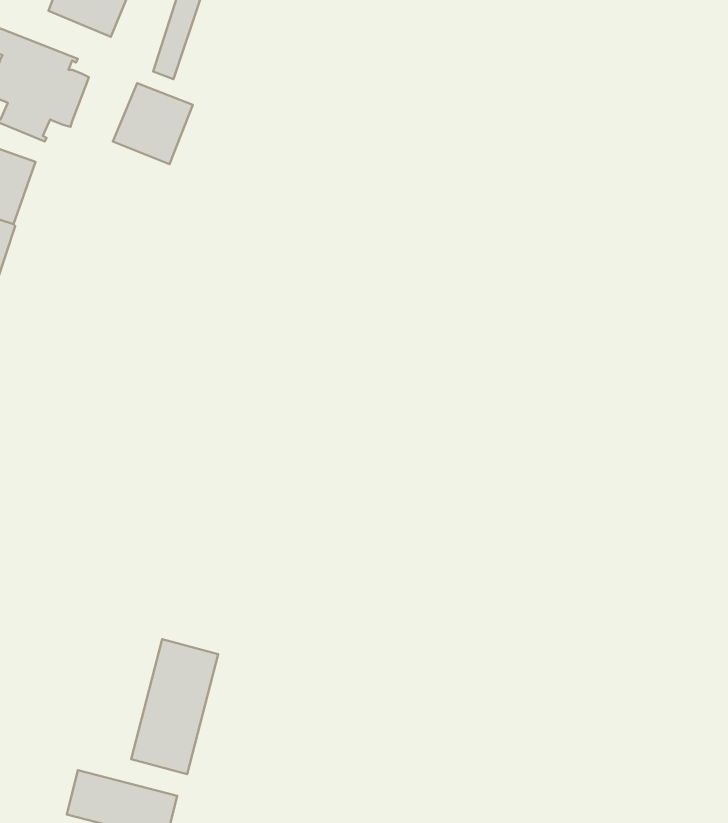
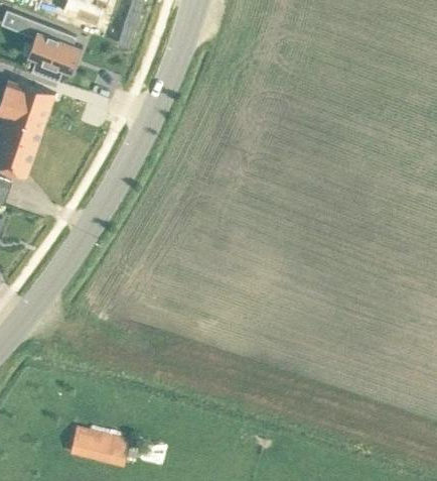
building: [113,83,193,164] -> none
building: [131,639,218,774] -> none

